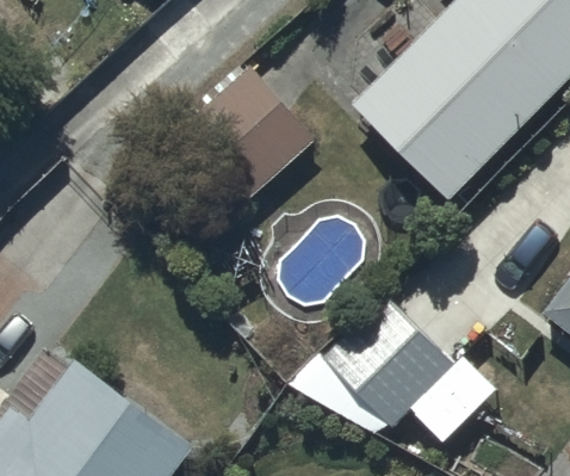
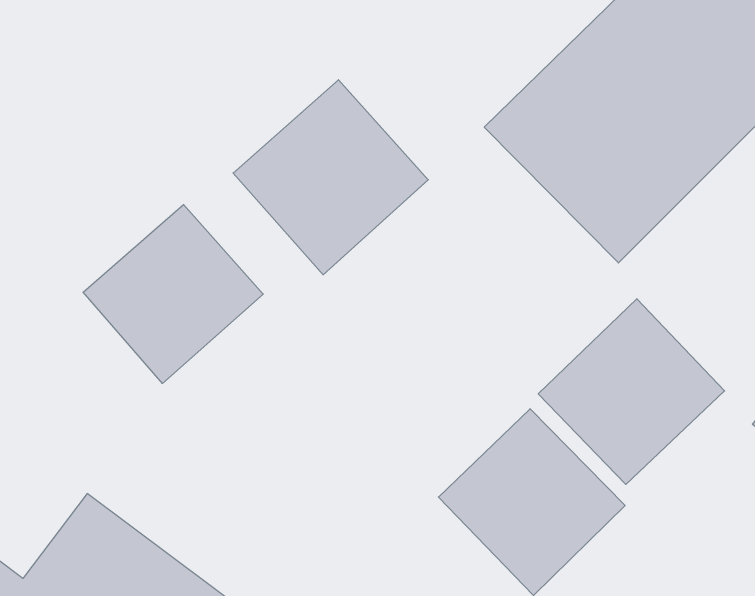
building: none -> [83,205,263,383]
building: none -> [538,299,725,484]

